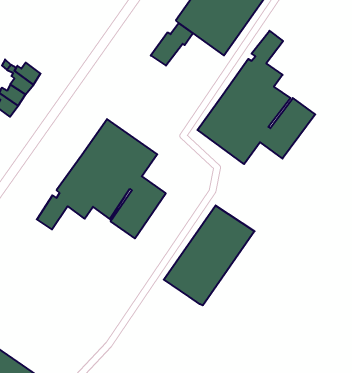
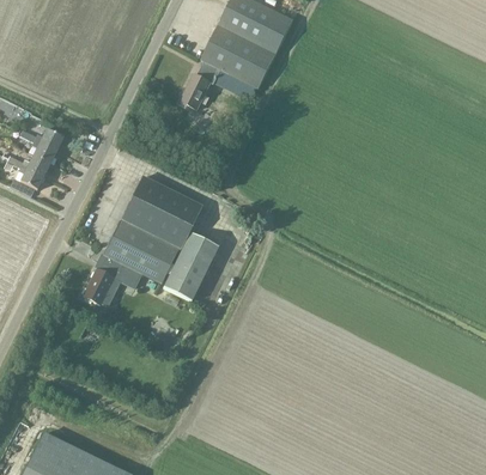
building: [197,31,315,164] -> none
building: [164,205,255,305] -> none

